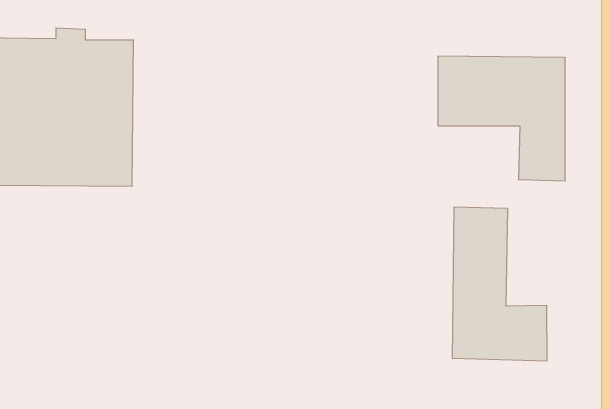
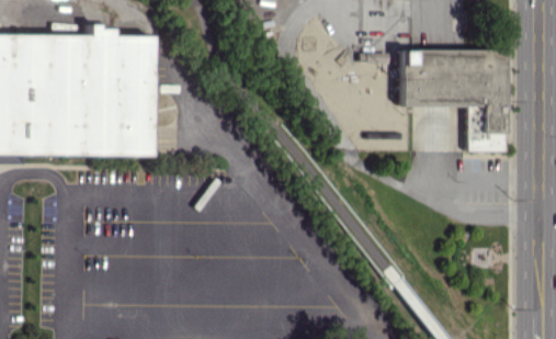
building: [453,207,547,361] -> none

